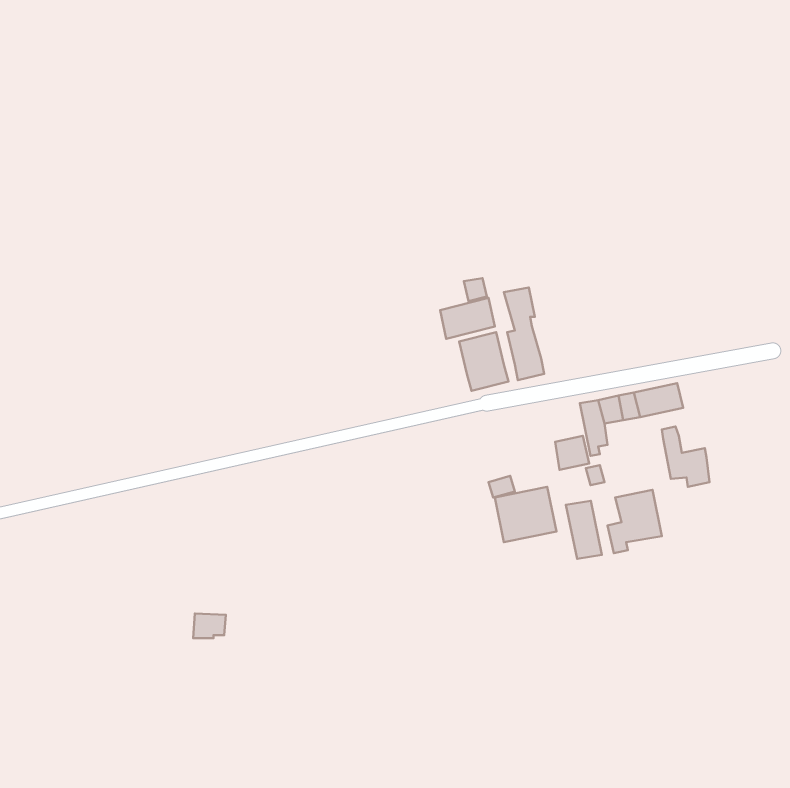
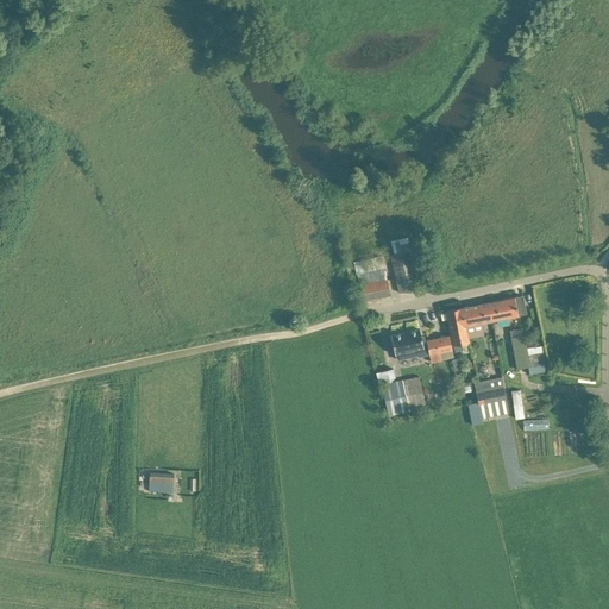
building: [440,298,495,339] -> none
building: none -> [390,329,427,360]
building: [566,501,602,559] -> none

